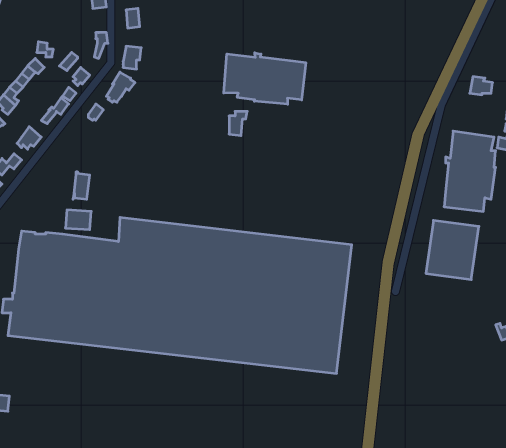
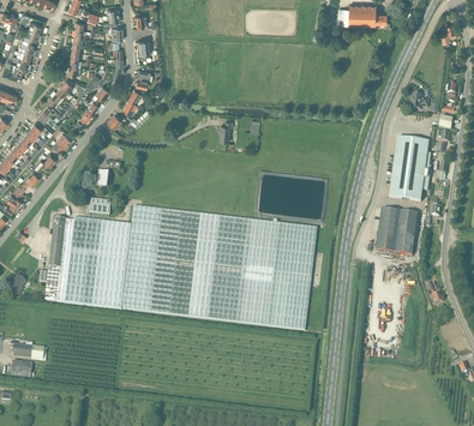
building: [224,53,306,104] -> none

